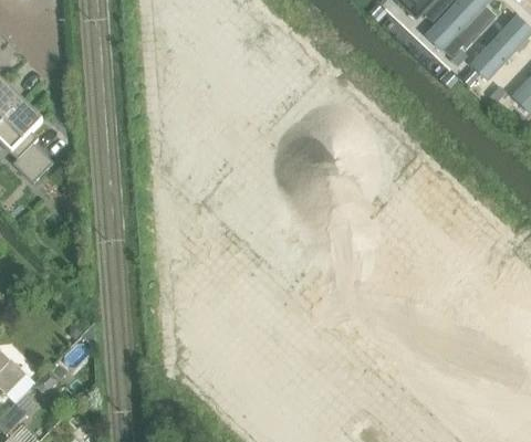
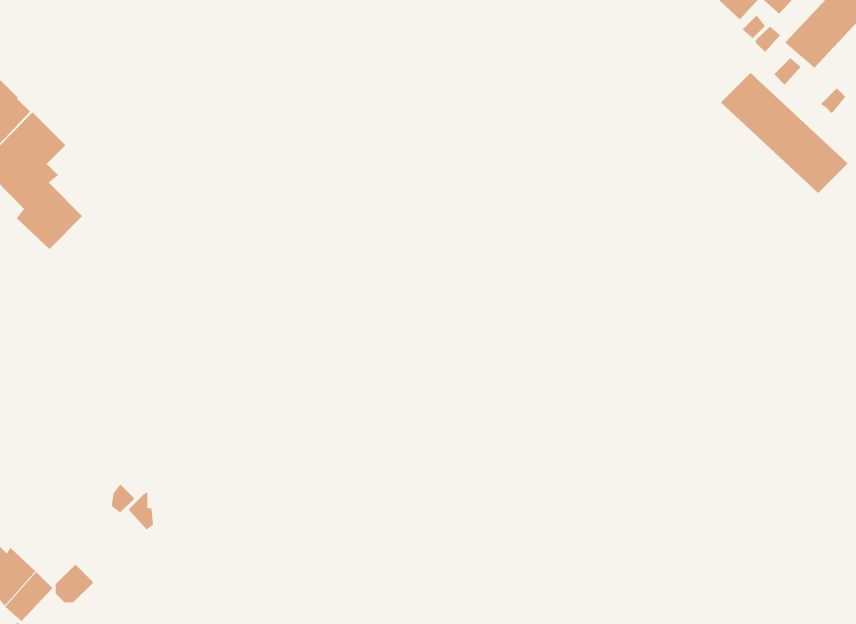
building: none -> [720,72,848,194]

